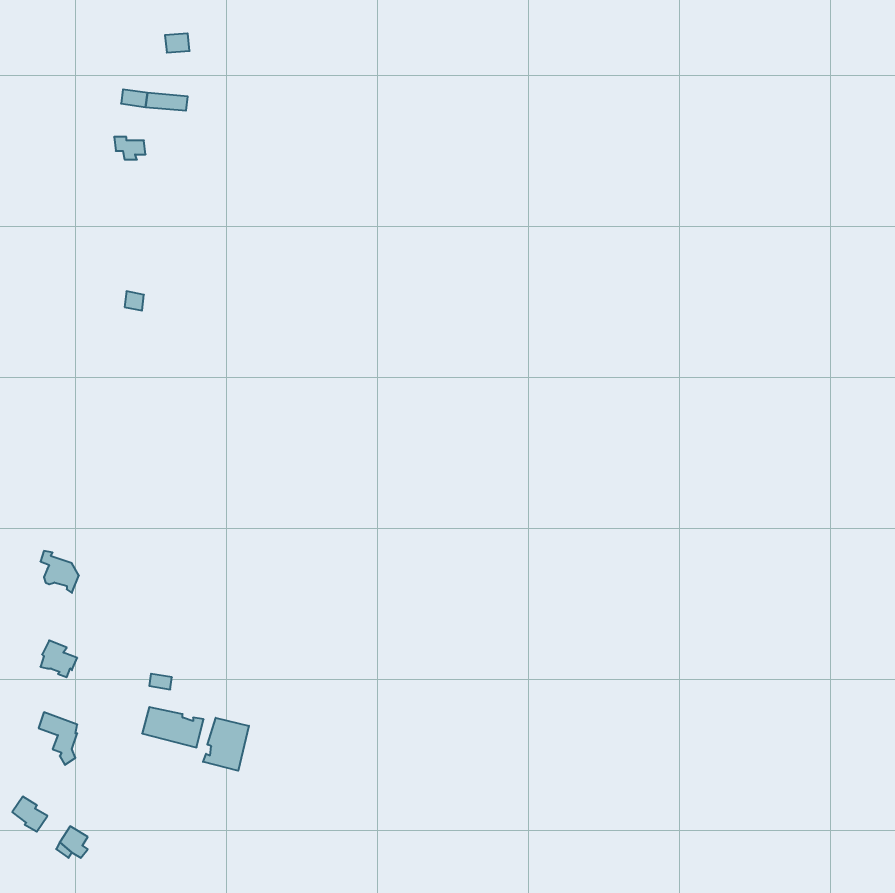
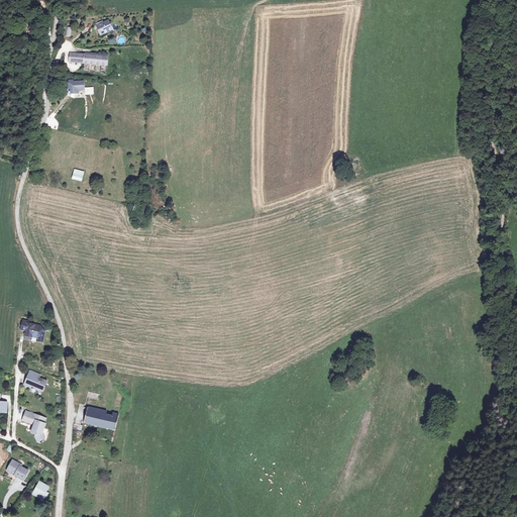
building: [203,718,249,771] -> none

